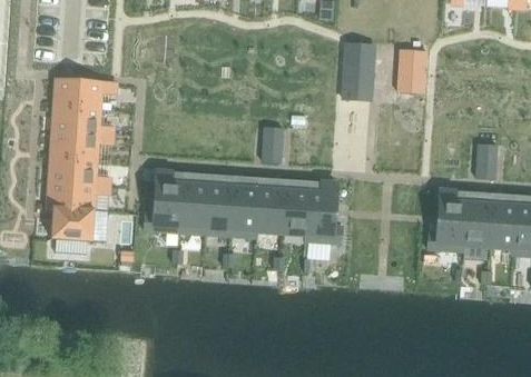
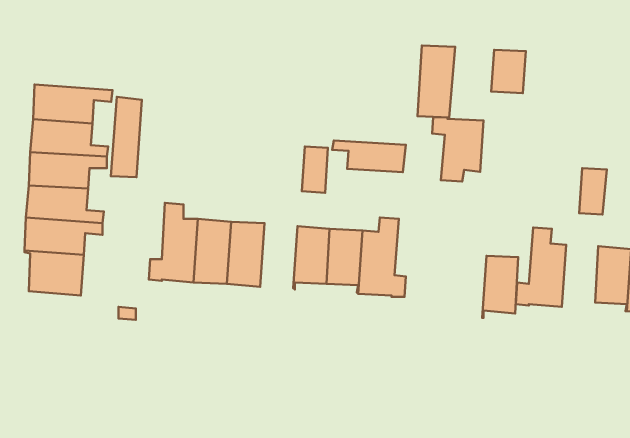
building: none -> [111,97,142,177]
building: none -> [432,117,484,181]
building: none -> [332,140,406,172]
building: [229,186,258,236] -> none
building: [462,202,490,250] -> [482,256,518,318]

